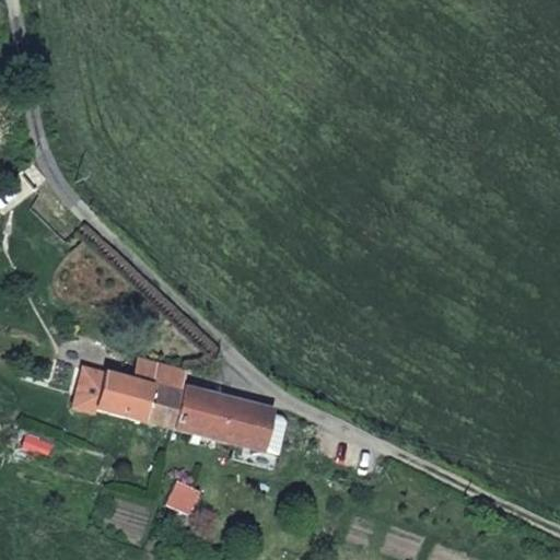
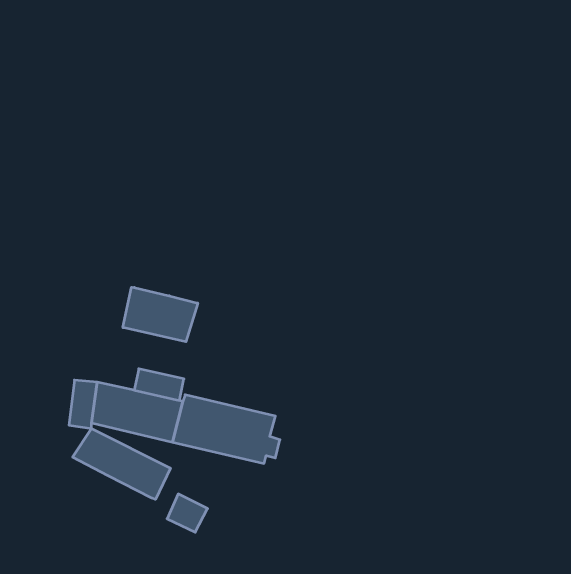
building: none -> [123,287,198,342]
building: none -> [73,429,170,499]

